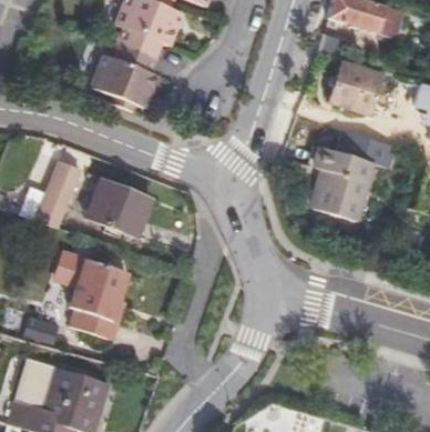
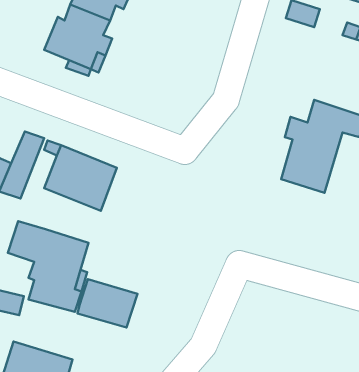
building: [331,62,381,113] -> none
building: none -> [77,279,137,328]

